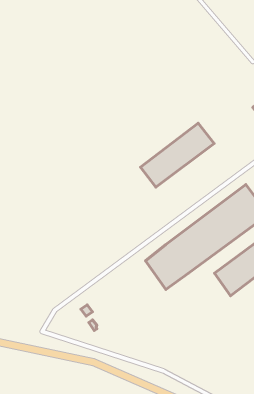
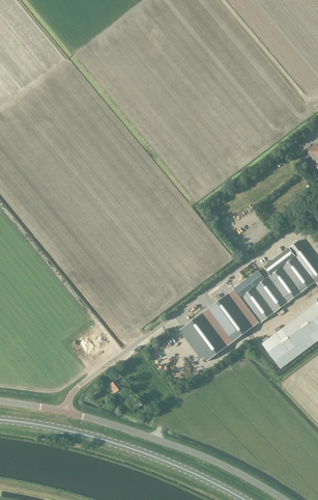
building: [141,123,214,187] -> none

